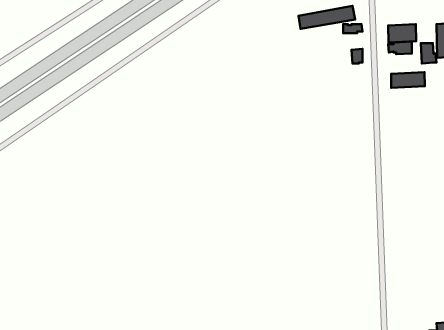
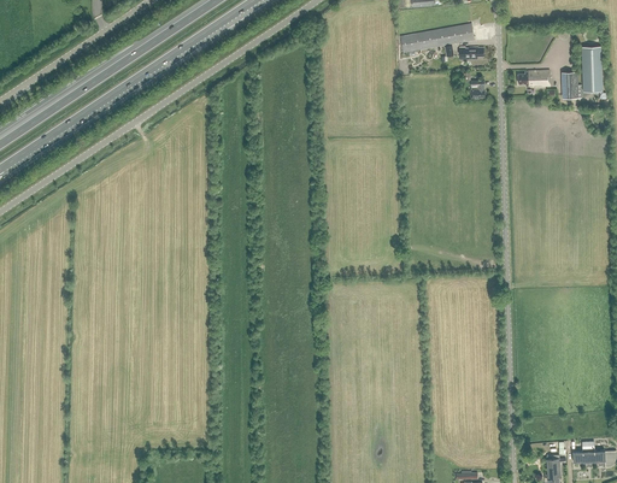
building: [388,24,416,43] -> none
building: [391,72,425,88] -> none

